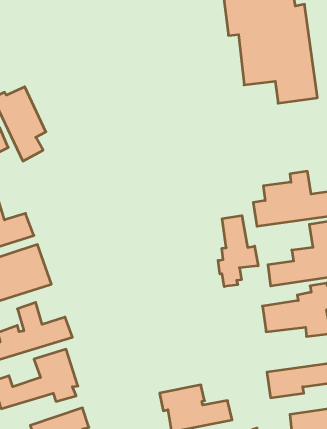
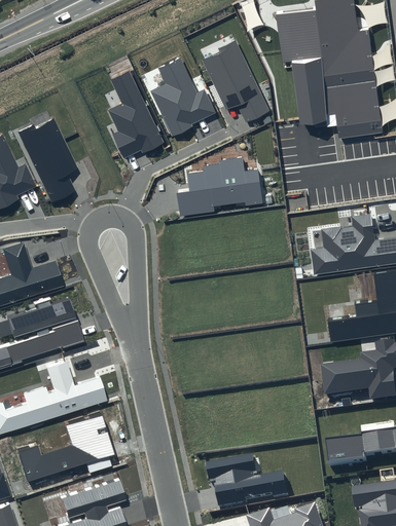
building: none -> [202,40,268,122]
building: none -> [149,58,215,136]
building: none -> [107,71,164,158]
building: none -> [177,157,261,217]
building: [218,216,258,287] -> none

